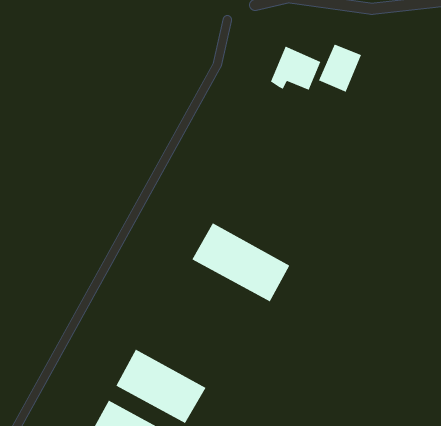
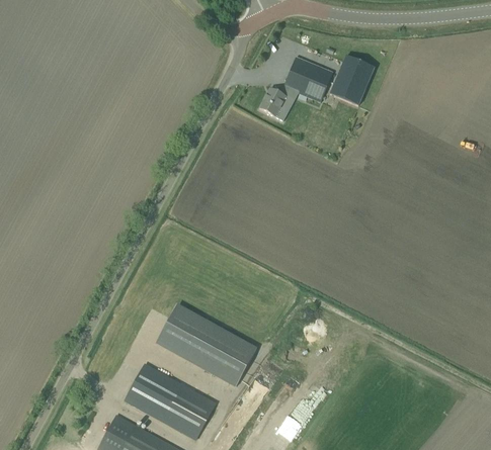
building: none -> [259,87,290,116]
building: [192,222,290,302] -> [156,304,256,385]

